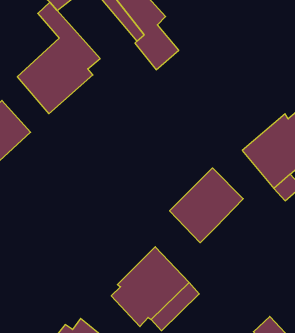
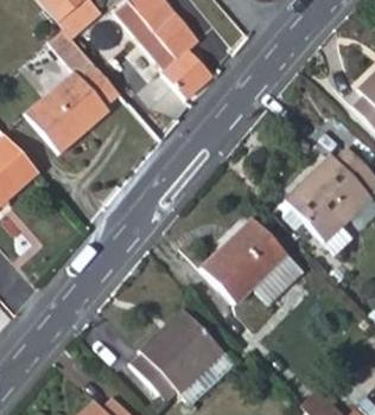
building: none -> [255,250,305,301]

